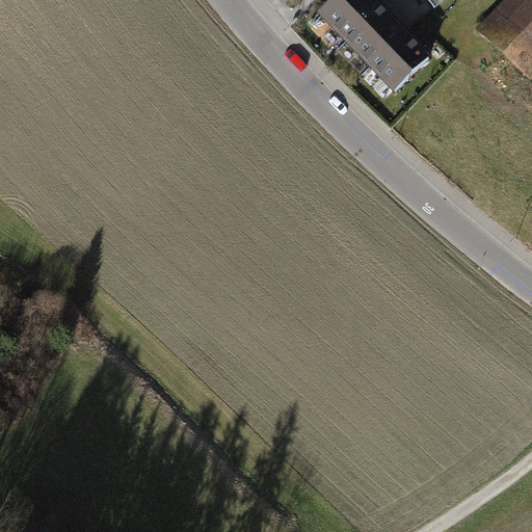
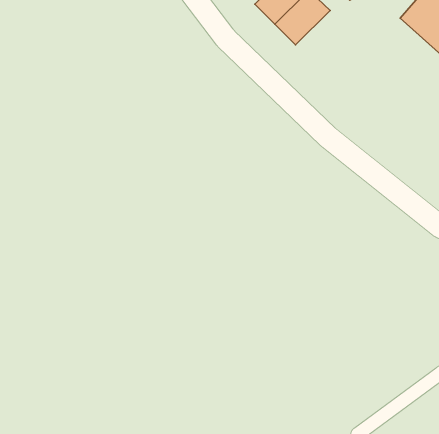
building: [358,12,434,88] -> none

